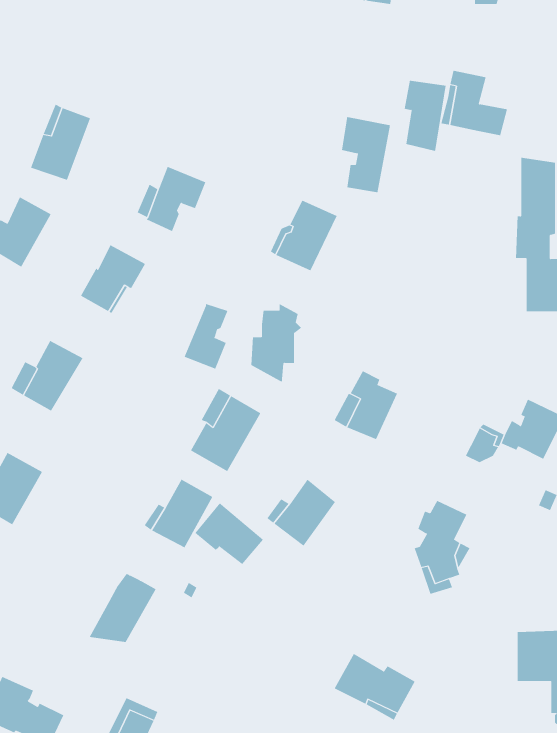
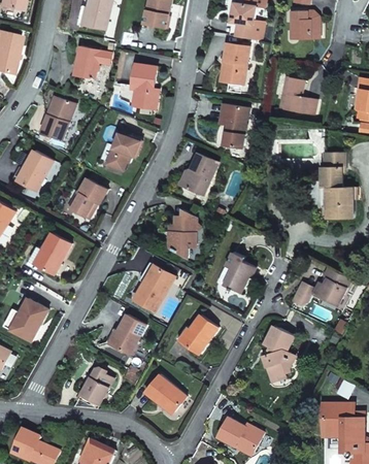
building: none -> [74,45,100,78]
building: none -> [120,64,159,108]
building: [404,80,446,151] -> [224,43,248,85]
building: [184,303,228,370] -> none
building: [195,503,264,565] -> [146,374,187,410]

